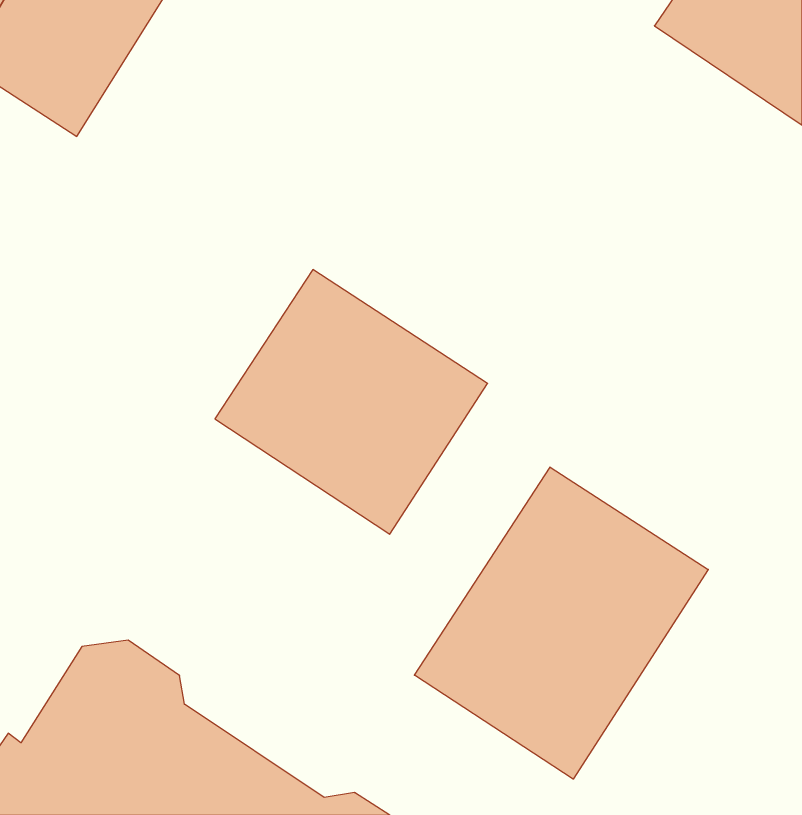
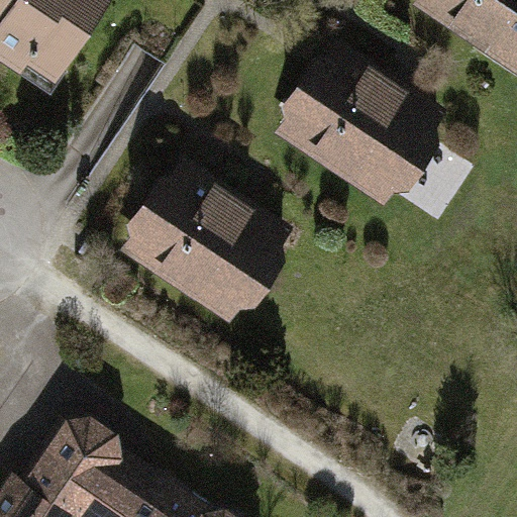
building: none -> [277,47,450,215]
building: [414,467,708,779] -> none

